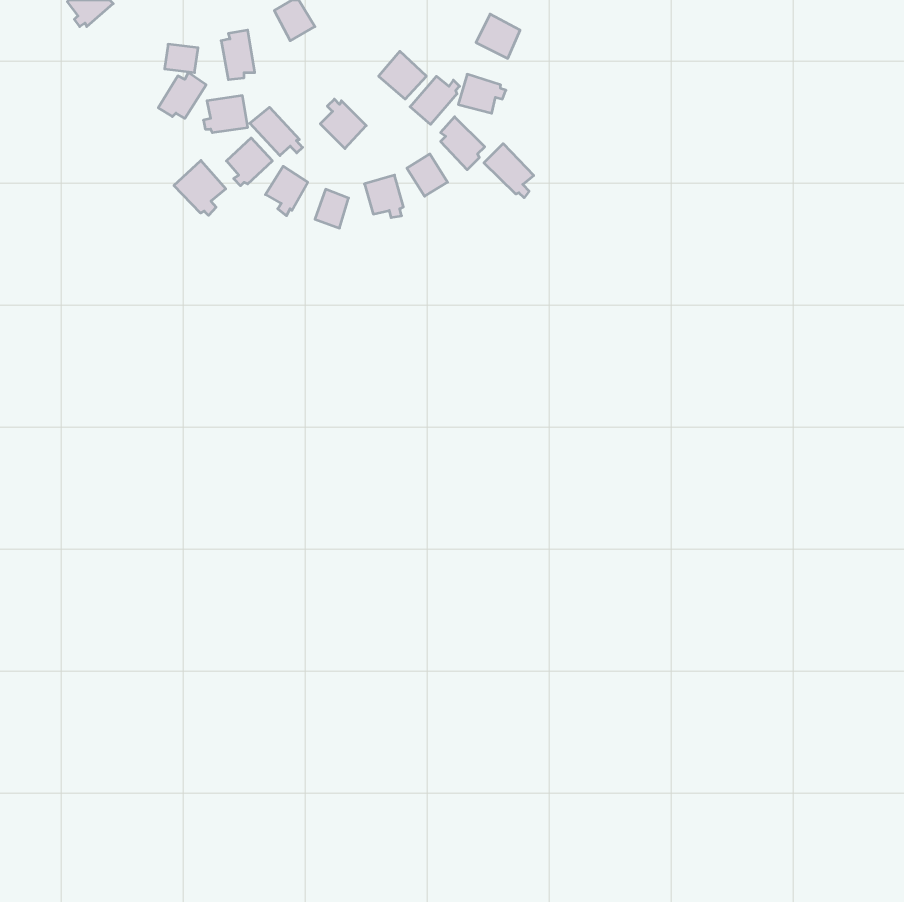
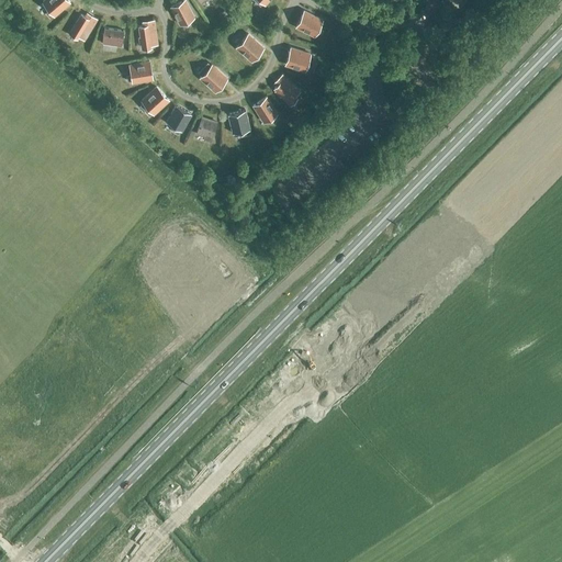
building: [158,72,206,118] -> [68,12,98,41]
building: [410,76,460,124] -> none
building: [250,107,303,156] -> none
building: [484,144,534,198] -> none
building: [174,160,226,215] -> none

